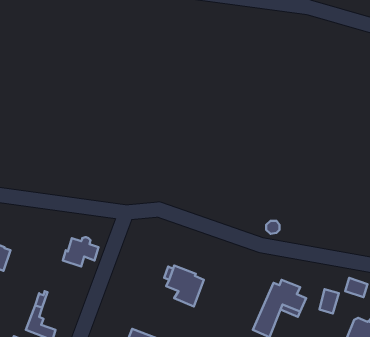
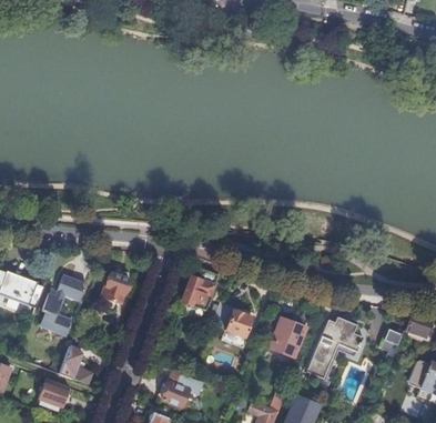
building: none -> [181,269,217,310]
building: none -> [42,275,85,331]
building: none -> [265,318,305,356]

